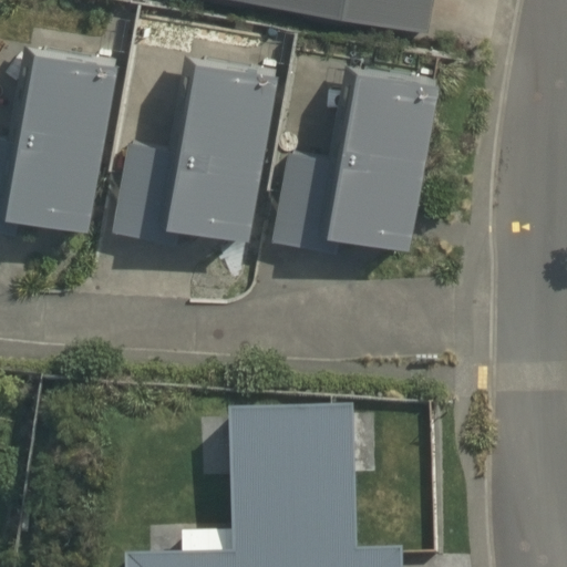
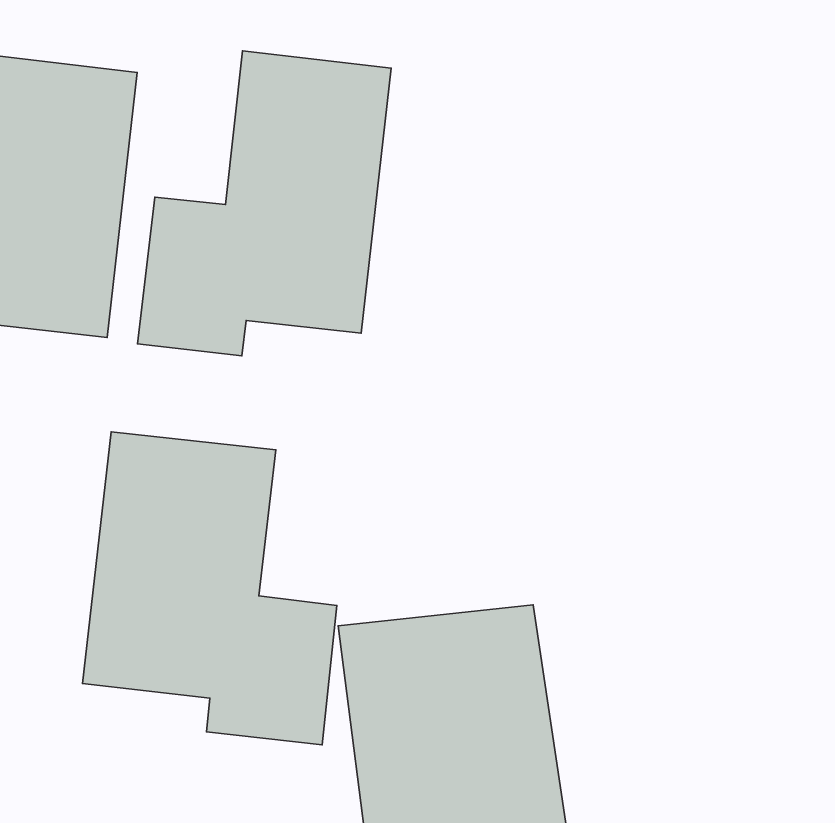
building: [268,62,441,255] -> none
building: none -> [83,432,337,745]

